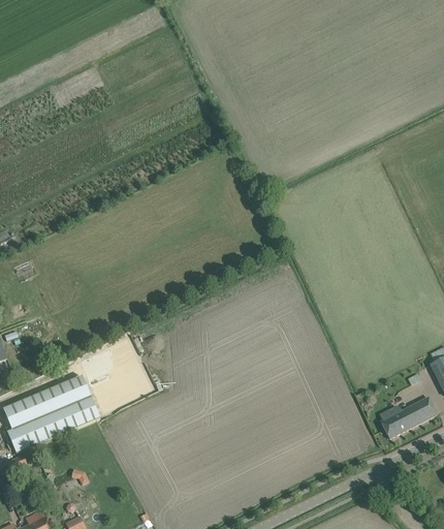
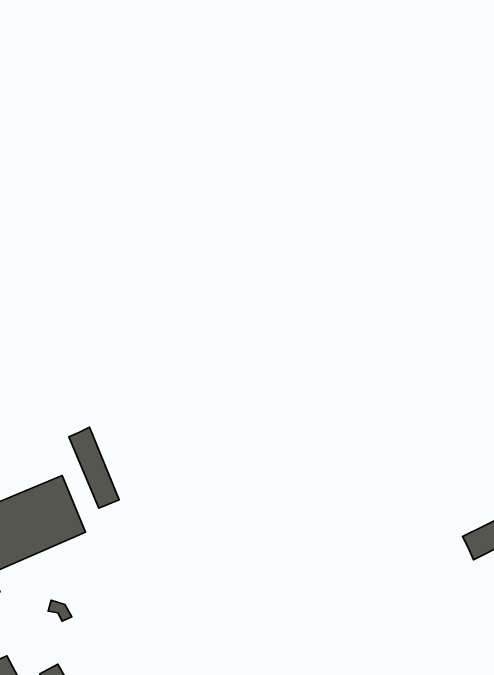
building: none -> [69,427,119,508]

